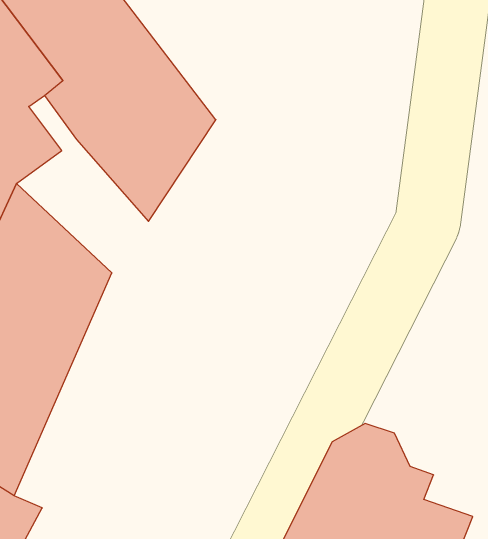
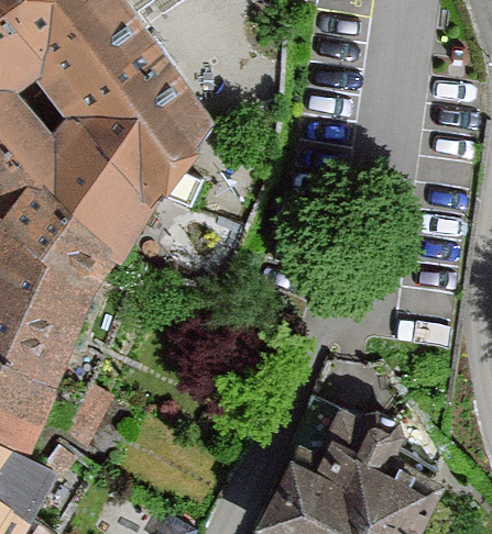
building: none -> [23,141,142,267]

